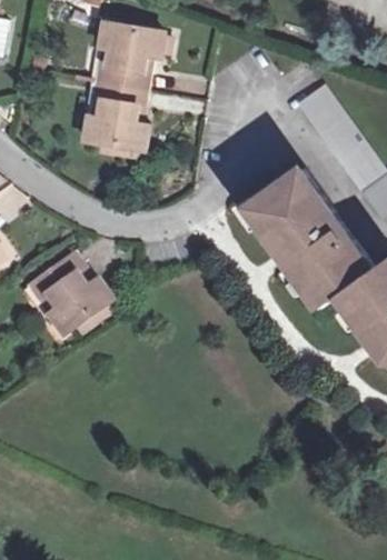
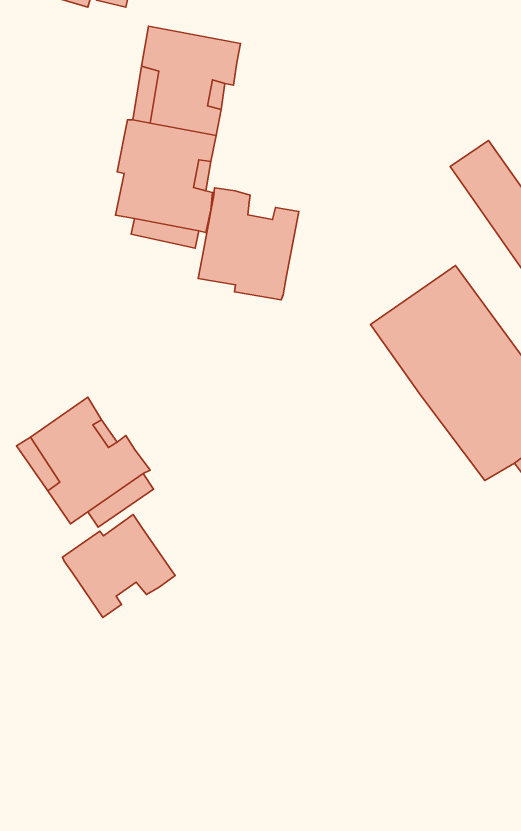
building: none -> [198,188,299,300]
building: none -> [63,515,175,617]

